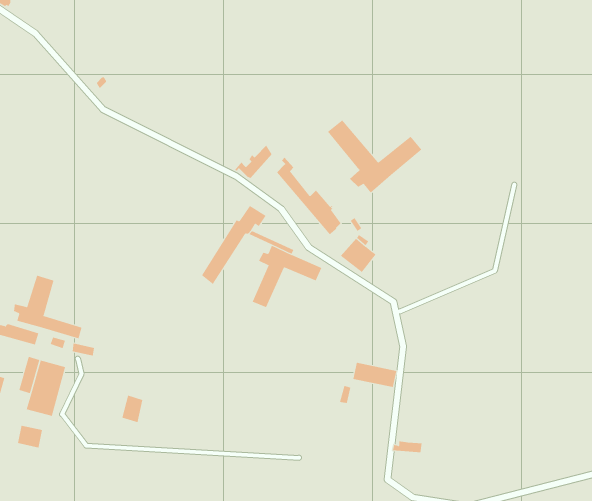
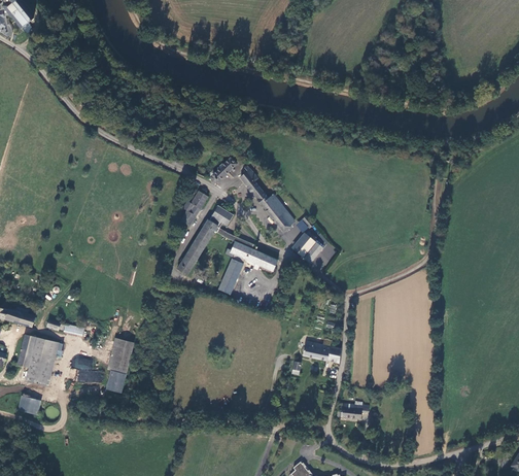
building: [327,120,422,194] -> none
building: none -> [180,192,208,227]
building: [13,275,82,339] -> none
building: none -> [108,337,135,373]
building: none -> [74,356,104,383]

